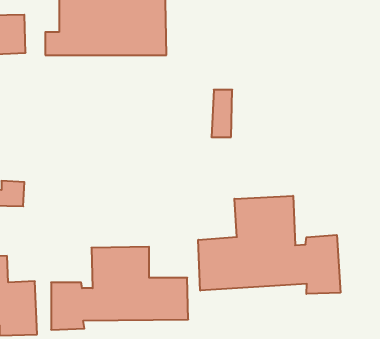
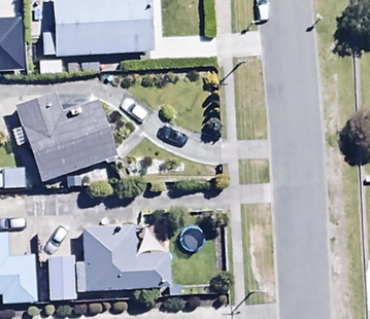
building: none -> [15,92,115,182]
building: [198,196,340,294] -> none

